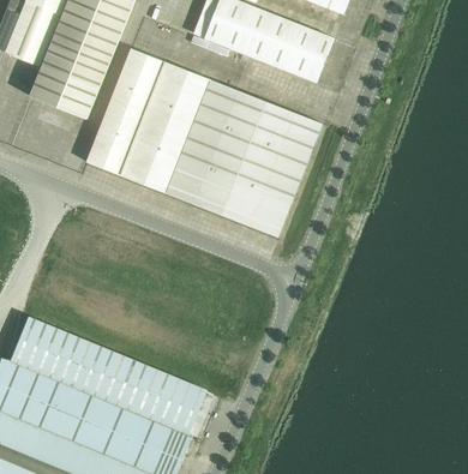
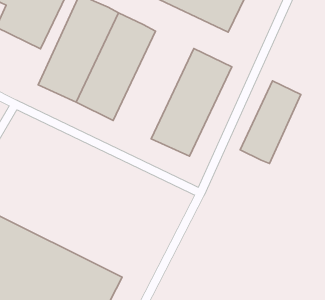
building: [182,88,275,220] -> none
building: none -> [240,81,301,163]

